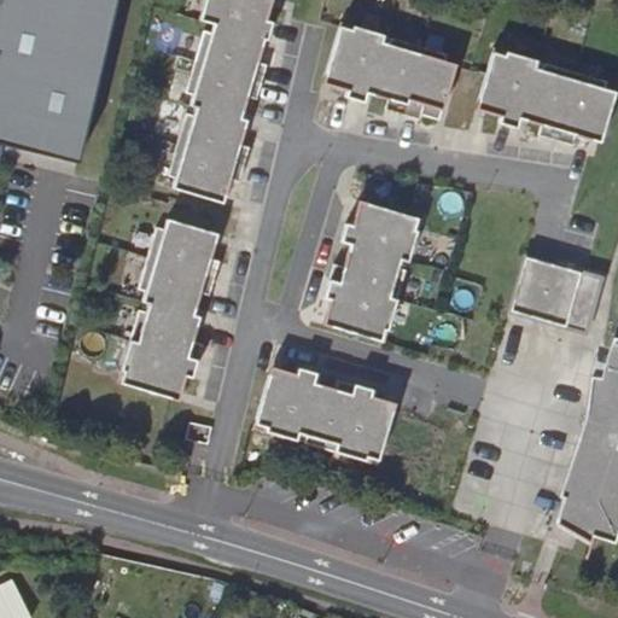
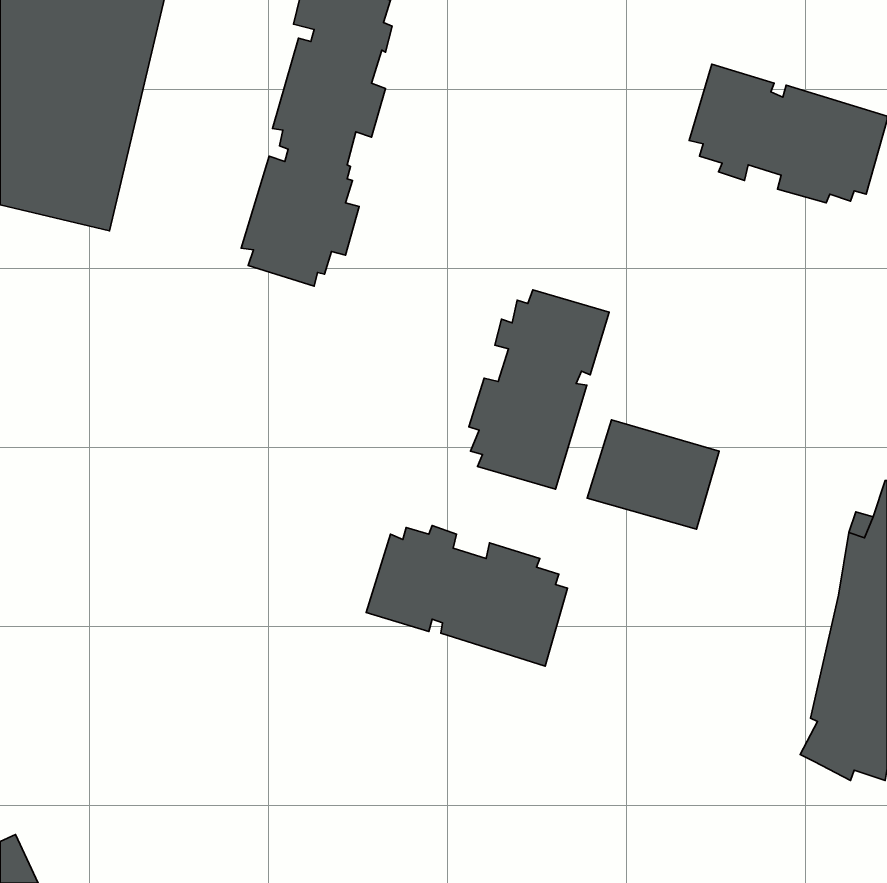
building: [326,19,456,117] -> none
building: [117,216,220,395] -> none
building: [512,256,604,332] -> [587,420,719,529]

